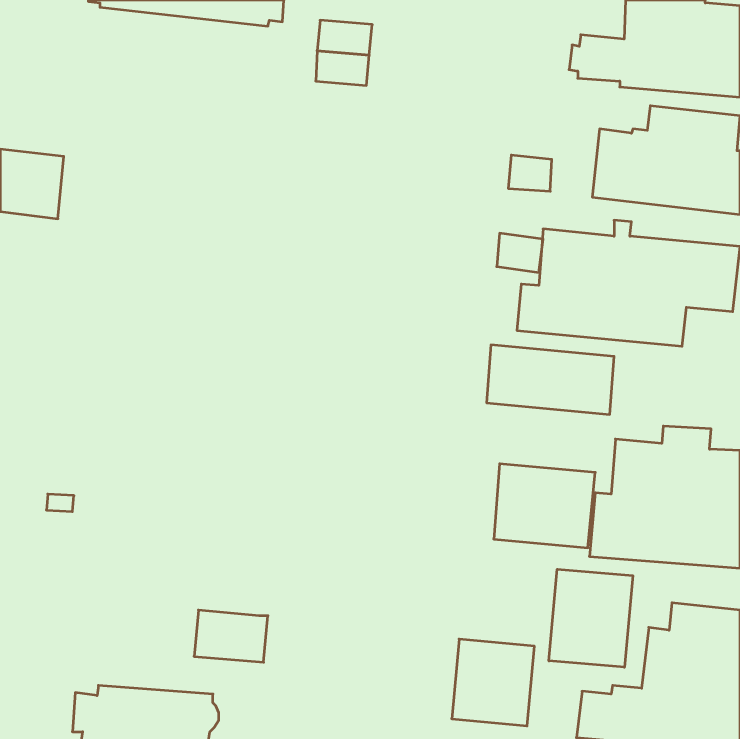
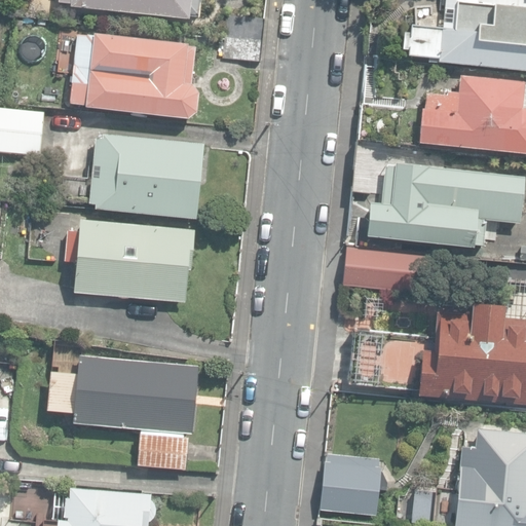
building: none -> [55,31,199,118]
building: none -> [90,135,205,218]
building: none -> [66,220,195,301]
building: none -> [48,355,199,435]
building: [549,569,633,667] -> none

